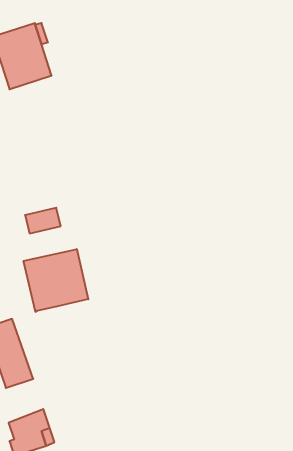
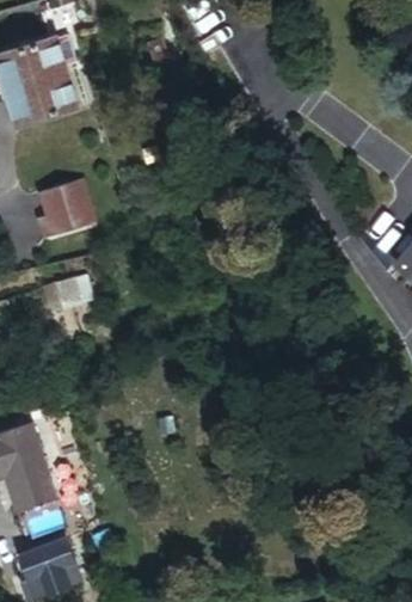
building: none -> [36,177,97,236]
building: [24,249,88,312] -> none

